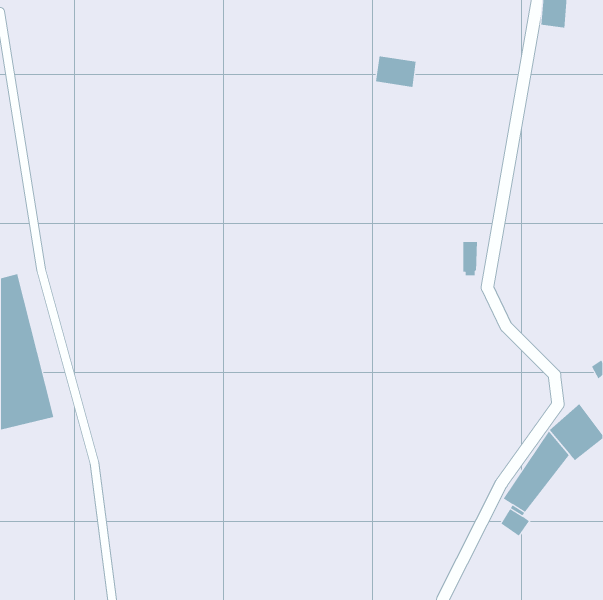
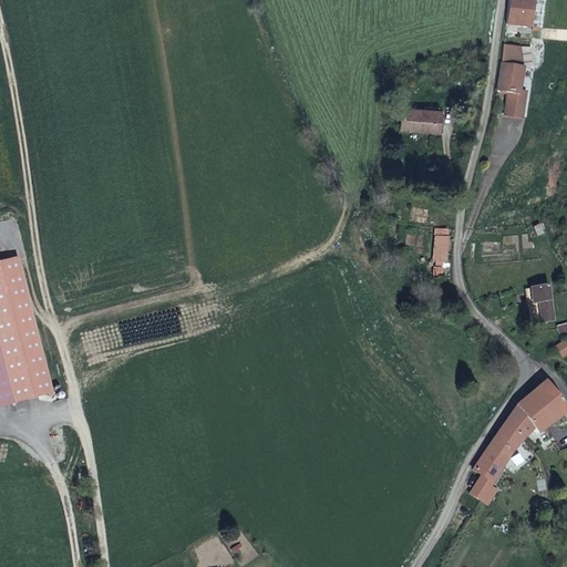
building: none -> [496,44,529,117]
building: [375,56,417,88] -> [401,103,440,133]
building: none -> [529,285,554,321]

